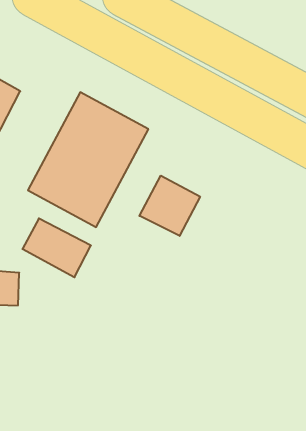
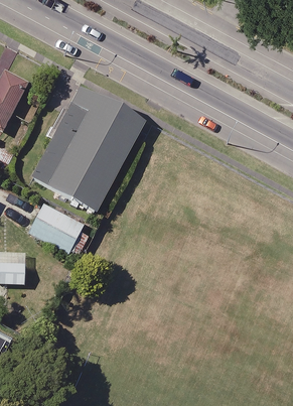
building: [139,176,200,236] -> none

